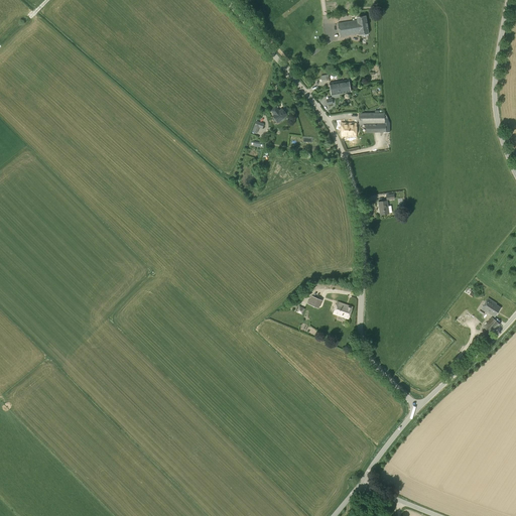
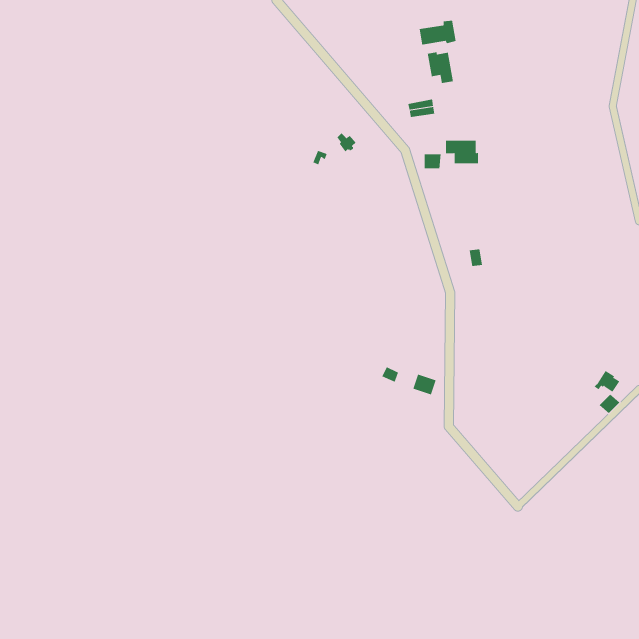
building: none -> [427,51,454,84]

